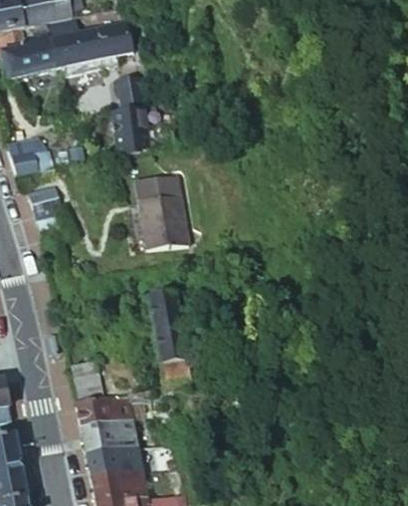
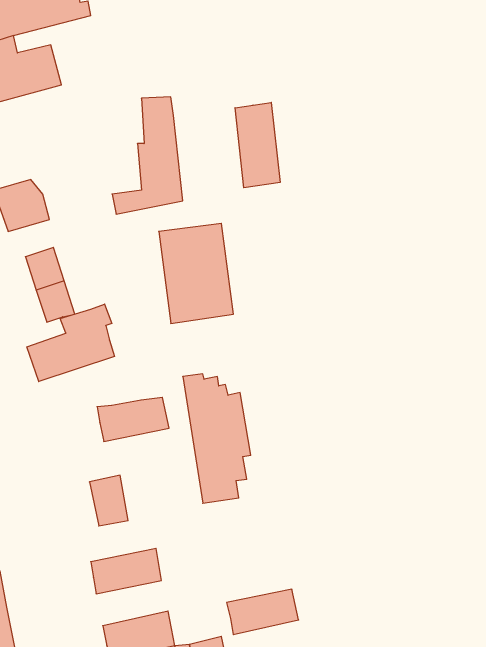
building: [48,17,137,66] -> none
building: none -> [235,102,280,188]
building: none -> [27,304,114,382]
building: [75,393,130,426] -> [97,397,169,441]
building: [84,440,139,474] -> [227,589,299,635]

